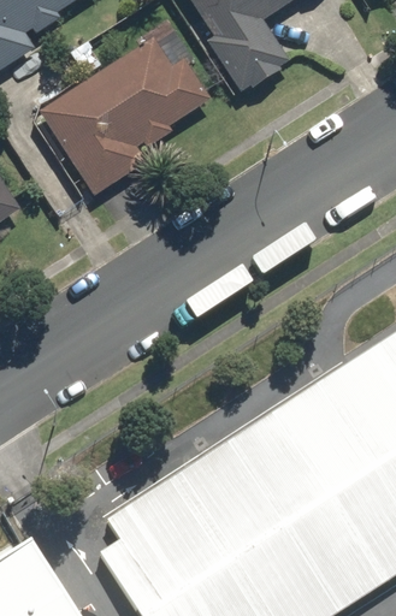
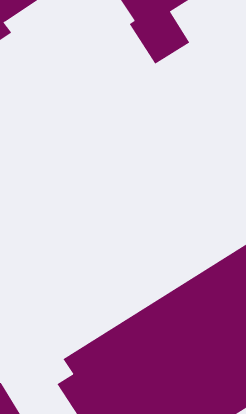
building: [36,36,208,196] -> none

